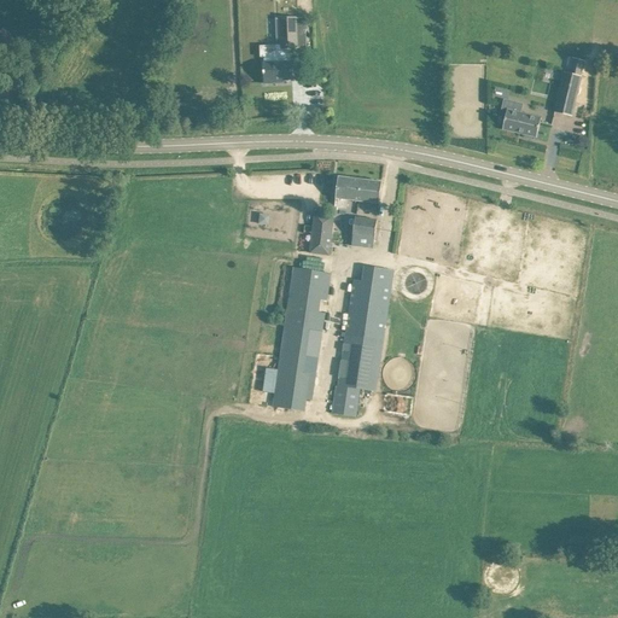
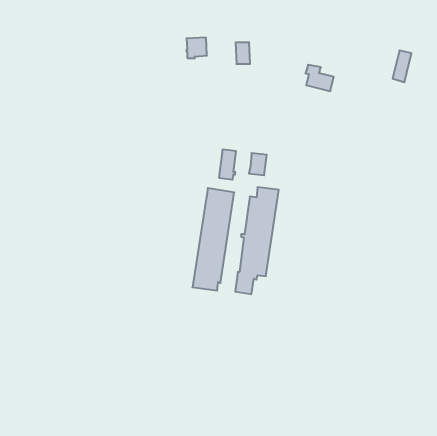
building: [278,17,298,47] -> [236,42,250,64]
building: [501,99,541,136] -> [305,65,334,91]
building: [334,176,381,206] -> none

